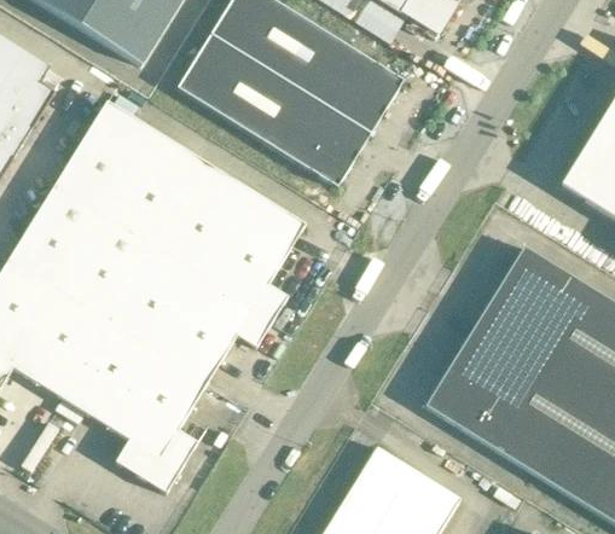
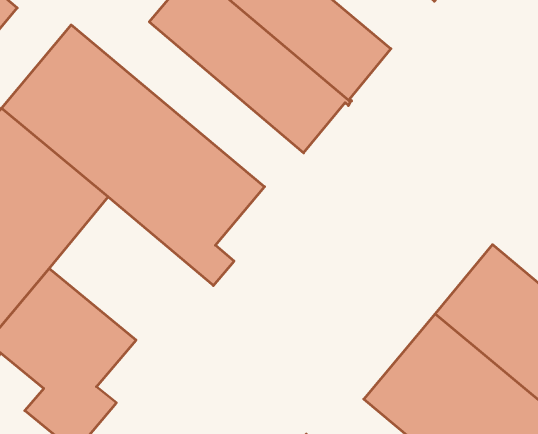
building: [118,254,272,382] -> none

